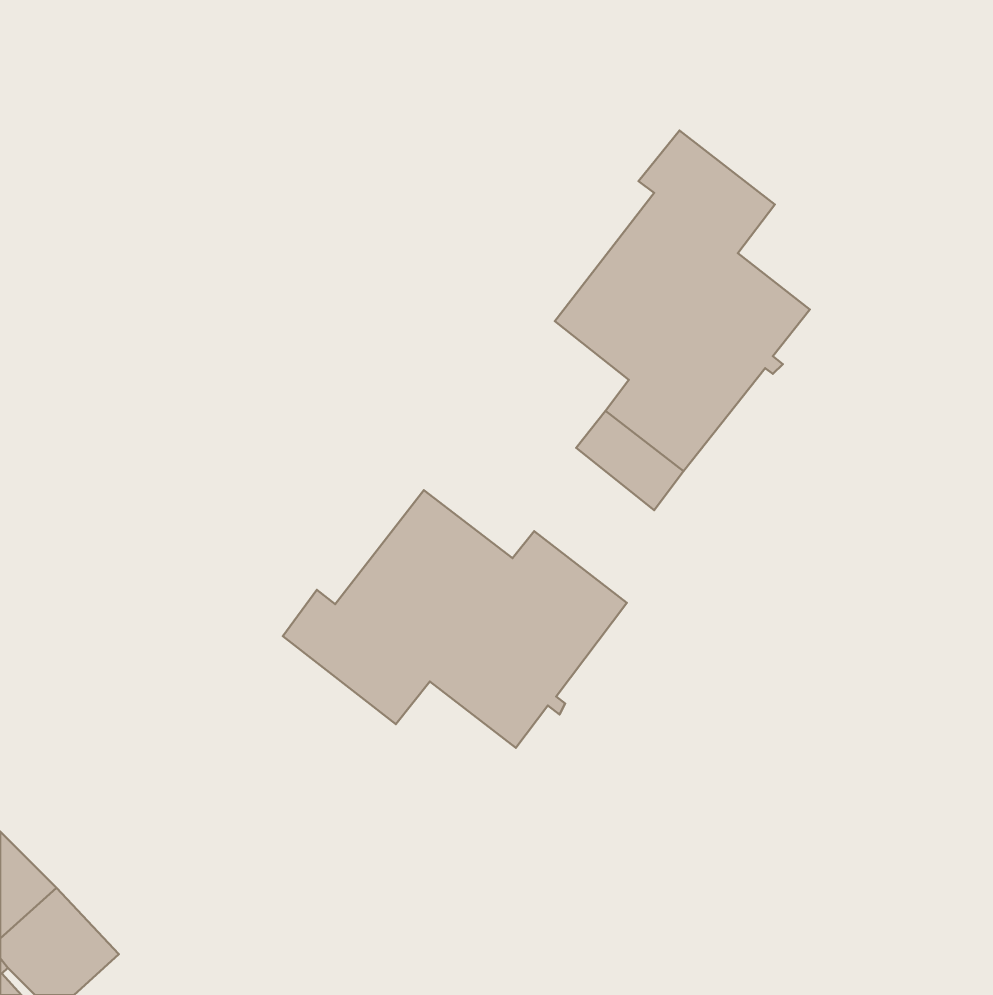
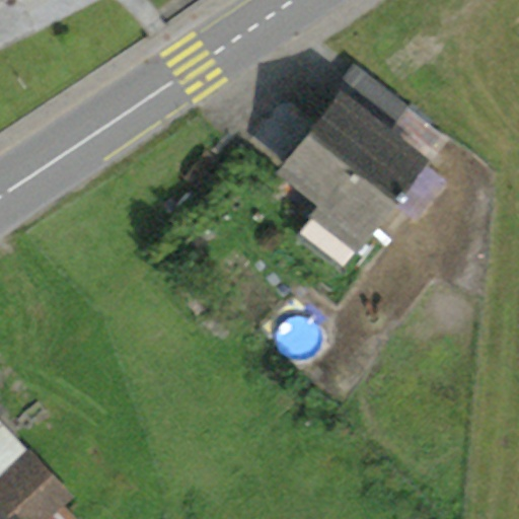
building: [283,490,627,748] -> none

